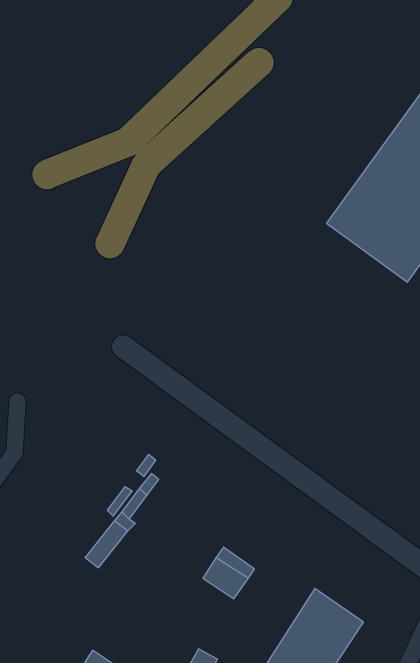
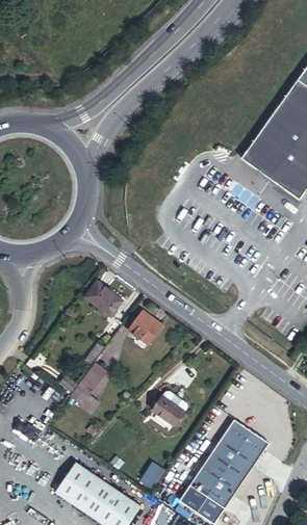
building: none -> [87,282,126,317]
building: none -> [129,311,162,344]

